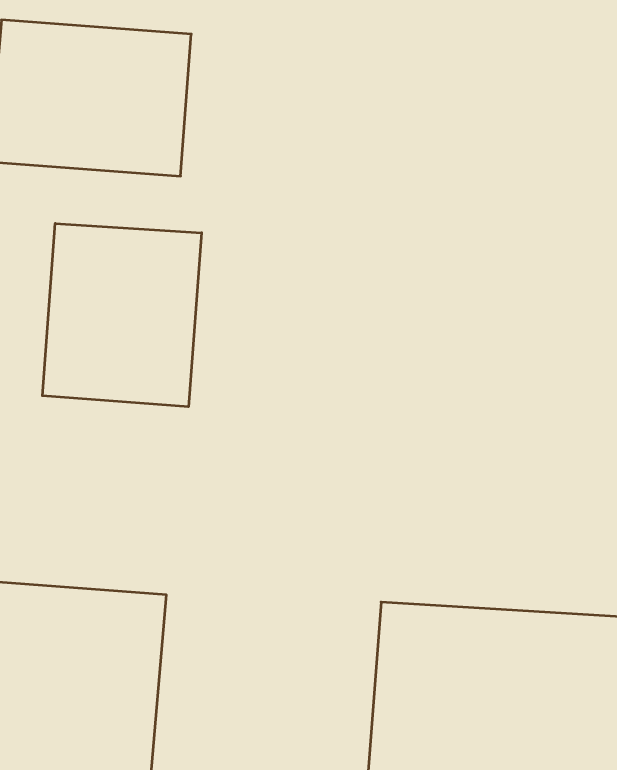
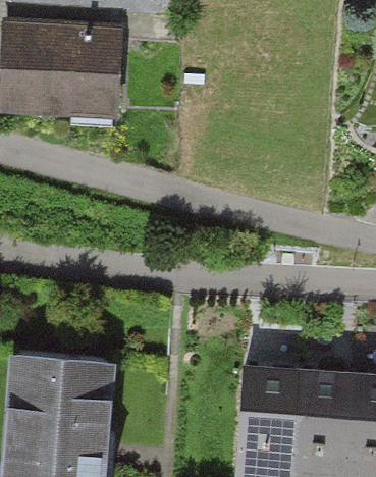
building: [42,223,202,407] -> none

